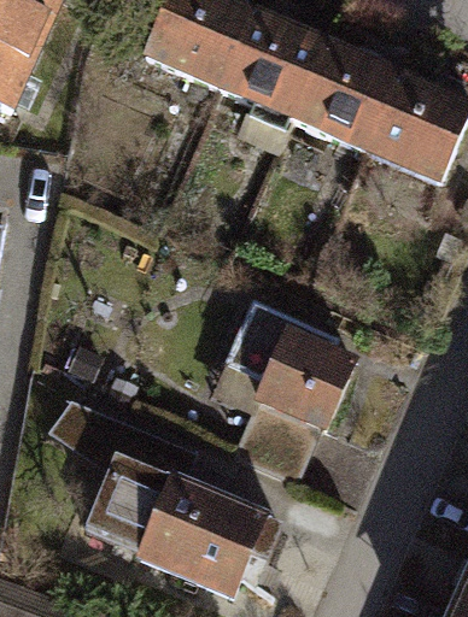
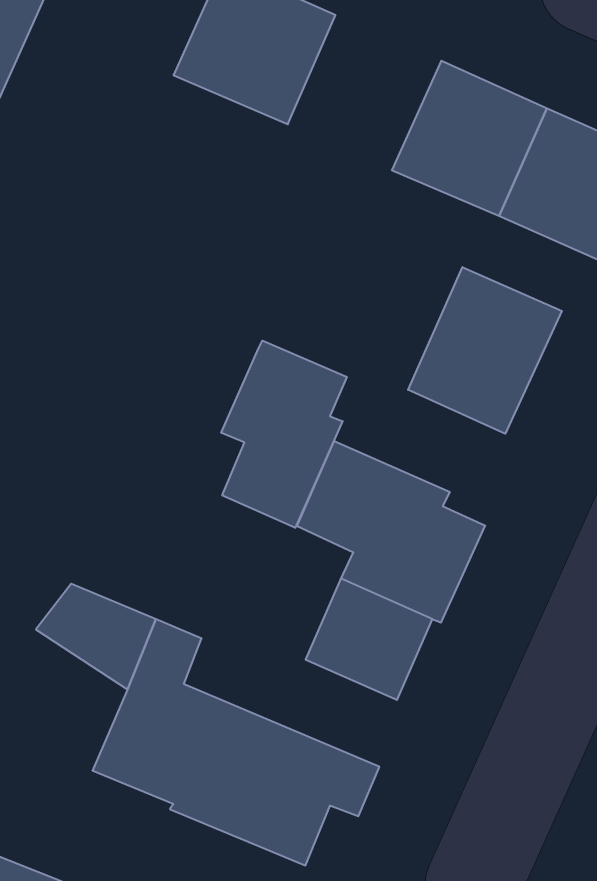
building: [221,11,326,117] -> none
building: none -> [408,267,562,434]
building: none -> [221,341,347,528]

